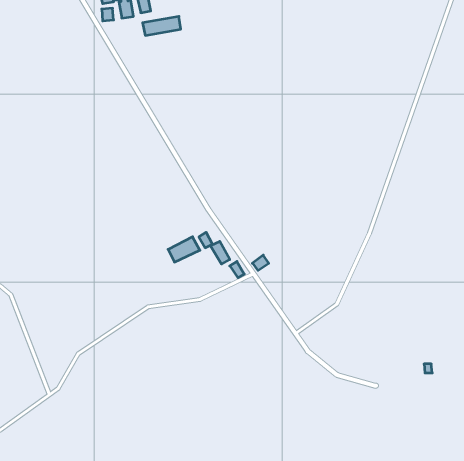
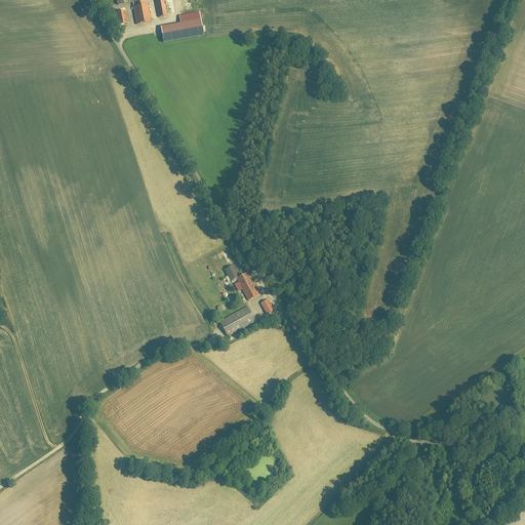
building: [168,237,200,262] -> [219,305,255,333]

